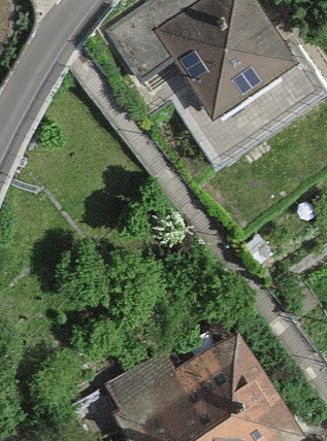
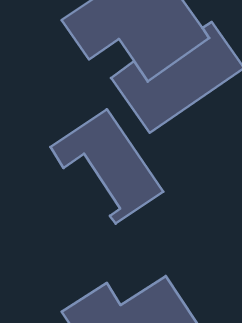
building: none -> [50,109,163,224]

